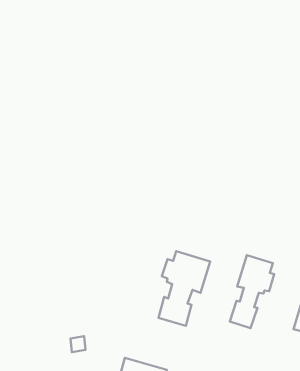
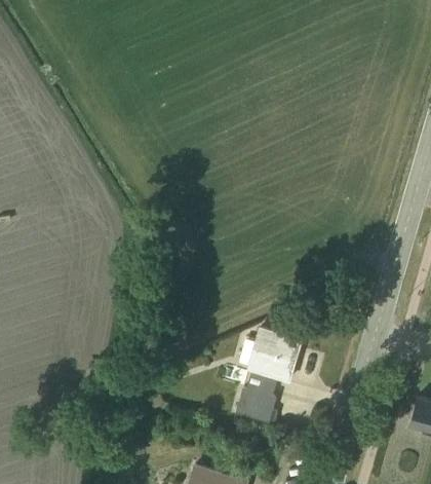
building: [230,255,274,328] -> none

